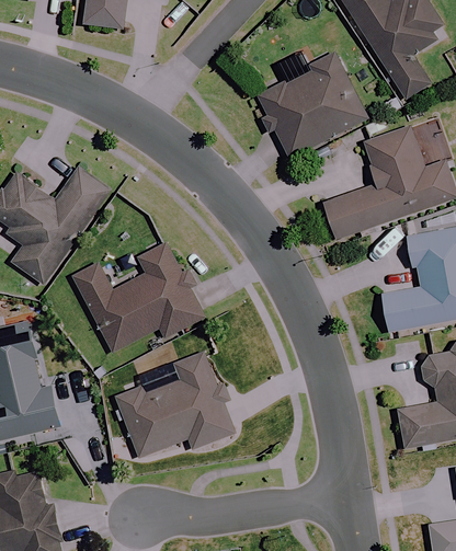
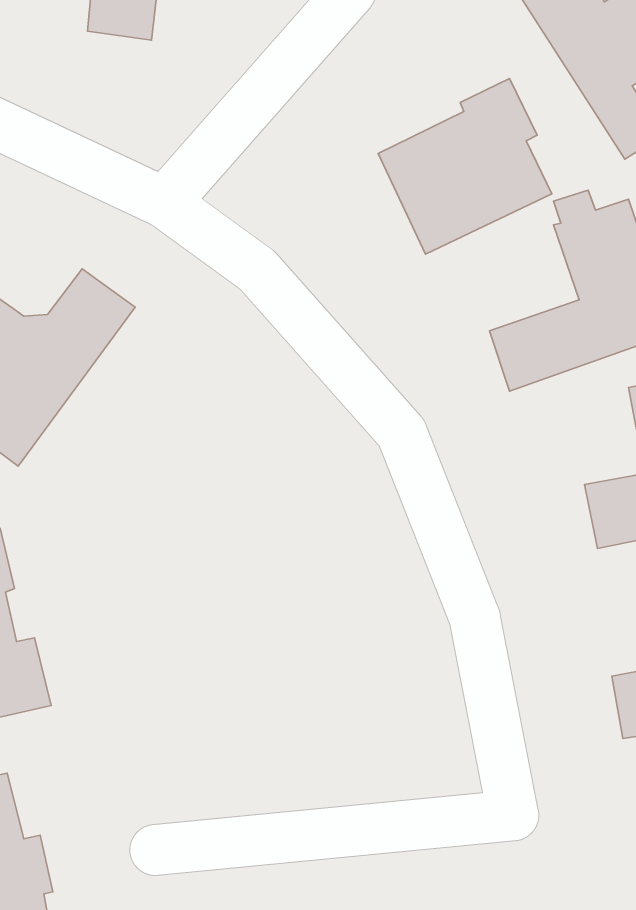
building: [73,243,203,354] -> none
building: [115,352,236,459] -> none

